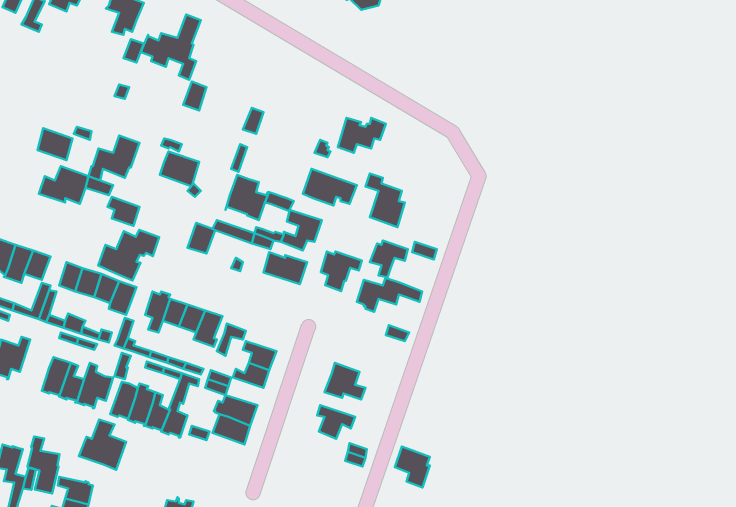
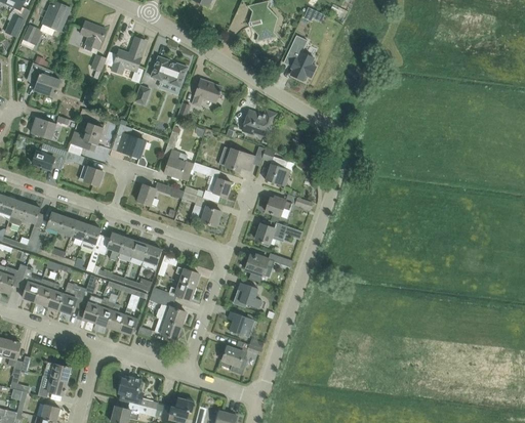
building: none -> [286,35,315,80]
building: none -> [150,55,188,87]
building: none -> [27,61,60,96]
building: none -> [192,79,220,107]
building: [98,230,159,281] -> none
building: [321,252,362,291] -> [245,254,274,282]
building: none -> [22,265,42,301]
building: [79,419,126,470] -> none
building: [27,436,60,493] -> none
building: [395,447,430,487] -> [221,345,246,374]

